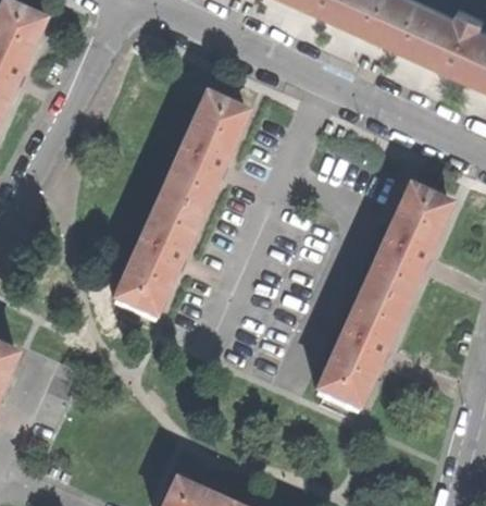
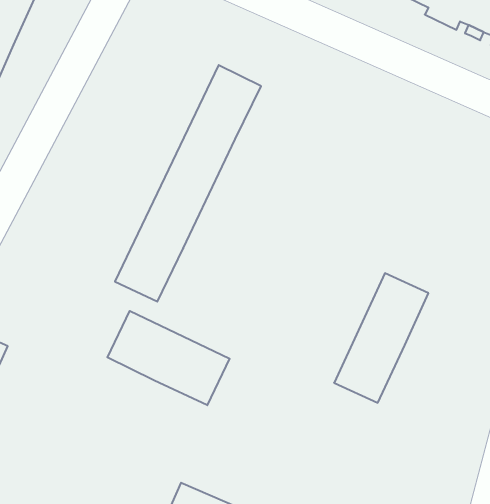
building: [362,189,449,309] -> none
building: none -> [107,311,230,405]

